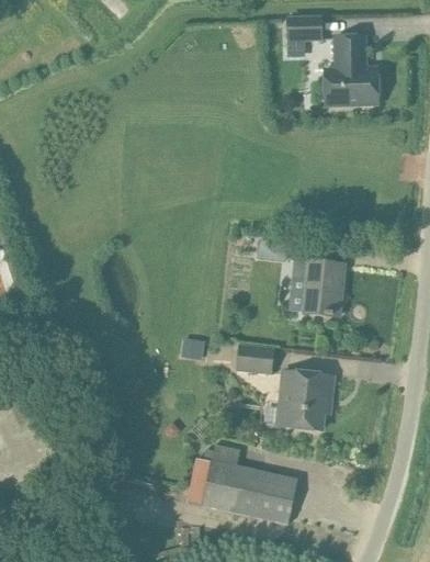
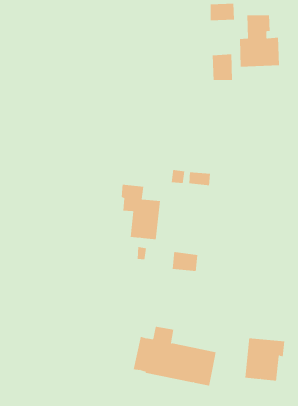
building: none -> [212,54,233,81]
building: [291,243,343,316] -> [121,184,161,240]
building: [278,372,331,429] -> [244,338,285,381]

